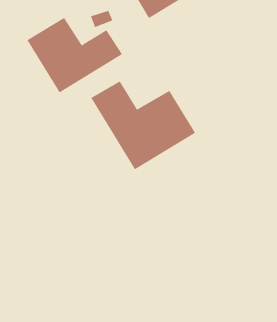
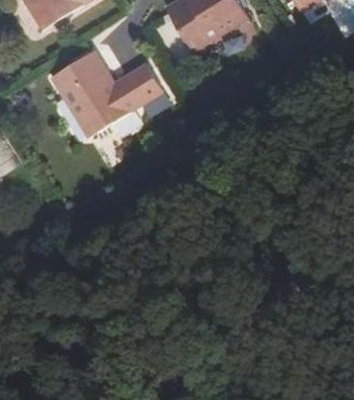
building: [91,81,196,170] -> none

